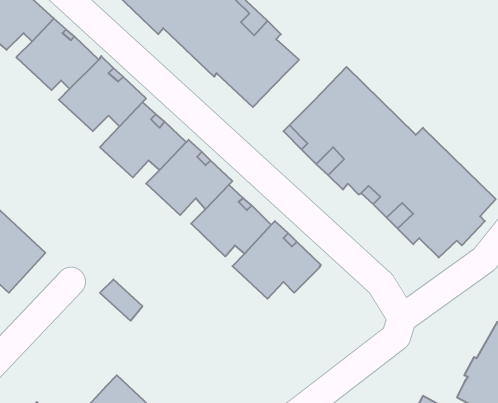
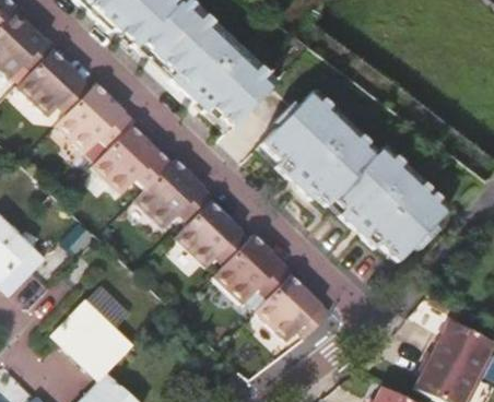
building: none -> [255,272,329,339]
building: none -> [49,298,132,379]

